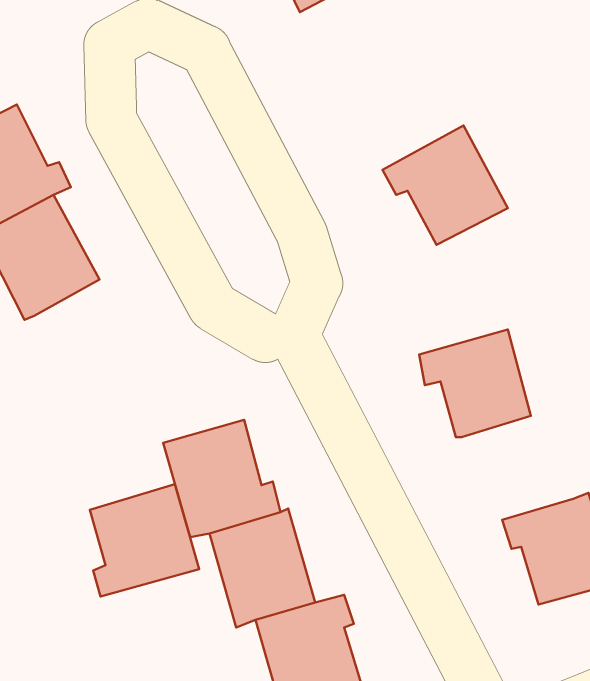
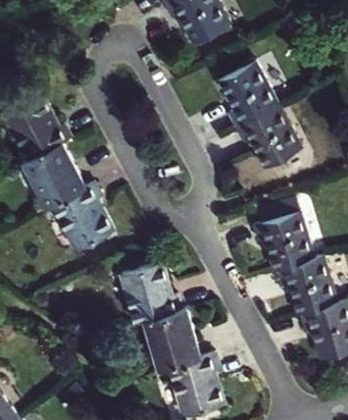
building: none -> [218,61,279,128]
building: none -> [51,182,113,251]
building: none -> [278,256,337,314]
building: [90,484,199,596] -> none

